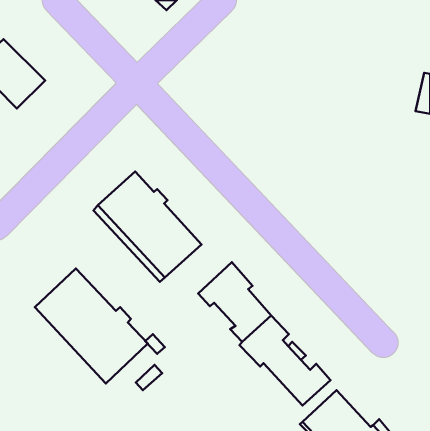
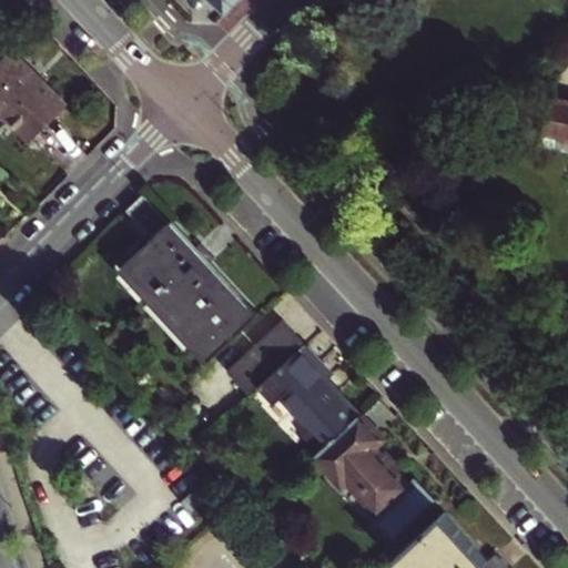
building: none -> [224,323,303,398]
building: [35,268,148,383] -> none

